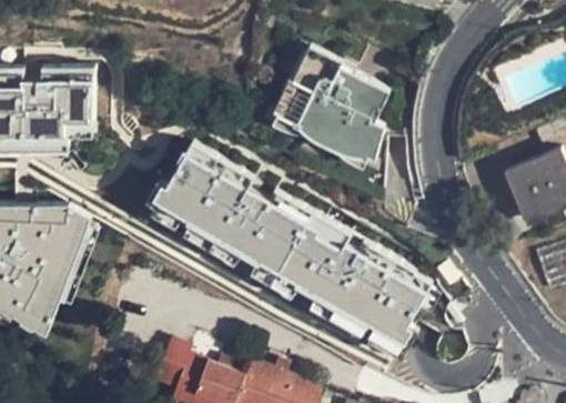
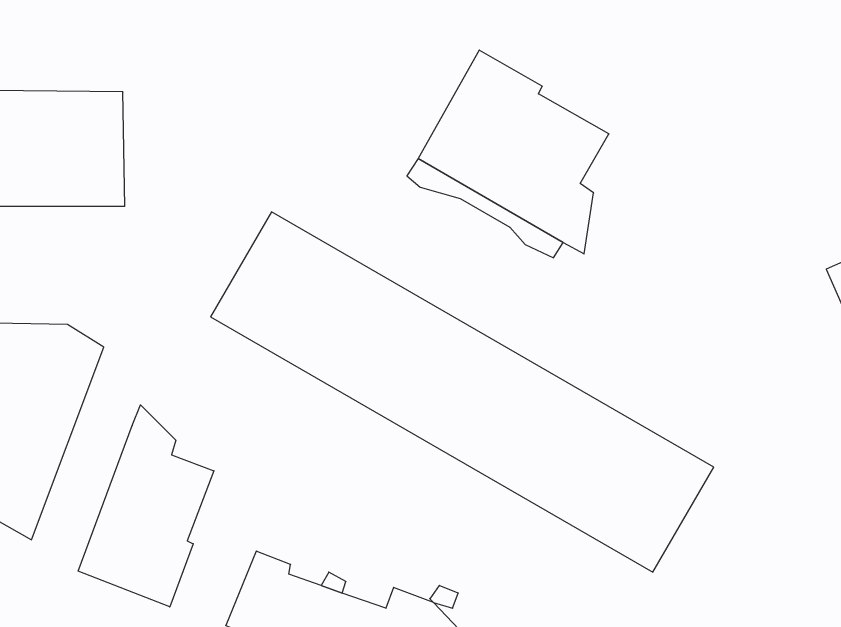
building: none -> [78,405,214,607]

